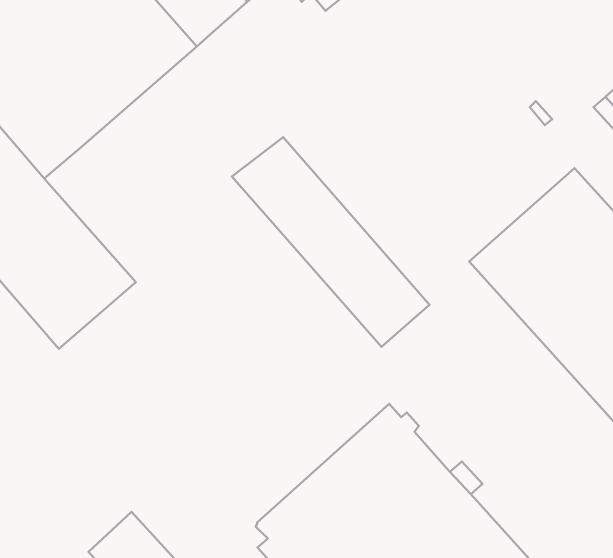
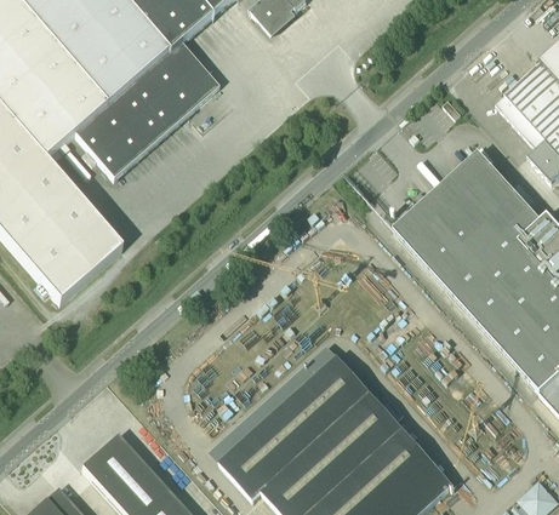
building: none -> [75,42,218,177]
building: [232,137,430,347] -> none

